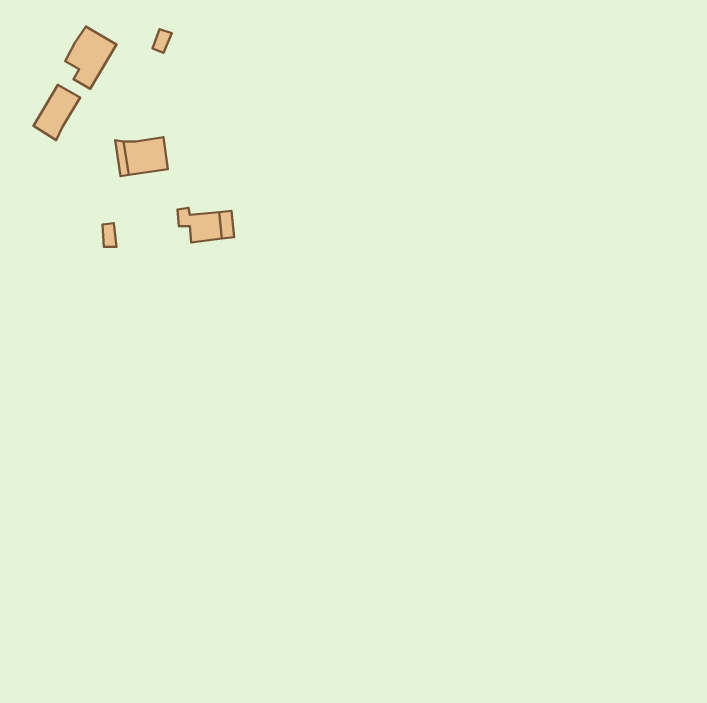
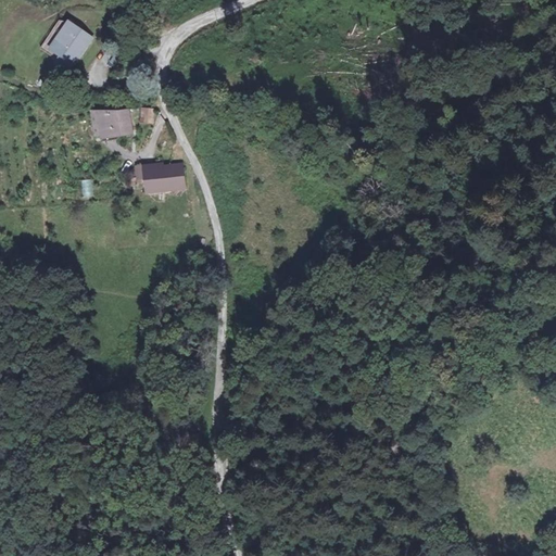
building: [34,85,80,140] -> none

